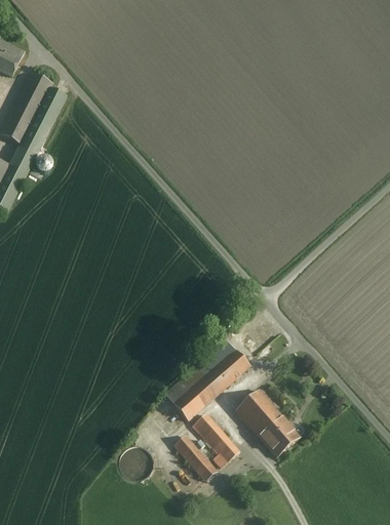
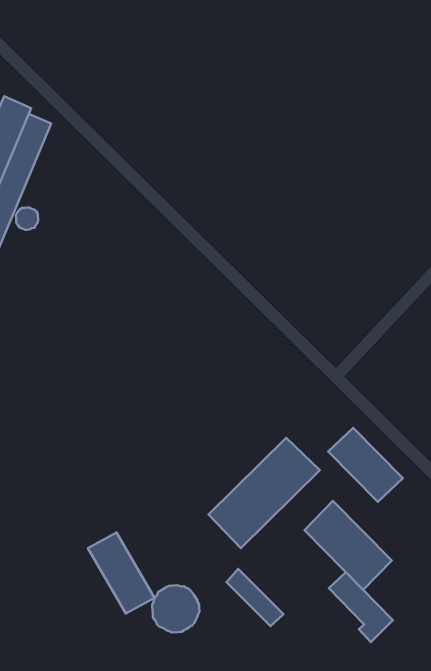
building: none -> [328,428,403,502]
building: none -> [88,532,155,614]
building: [192,413,238,467] -> [329,572,393,642]

